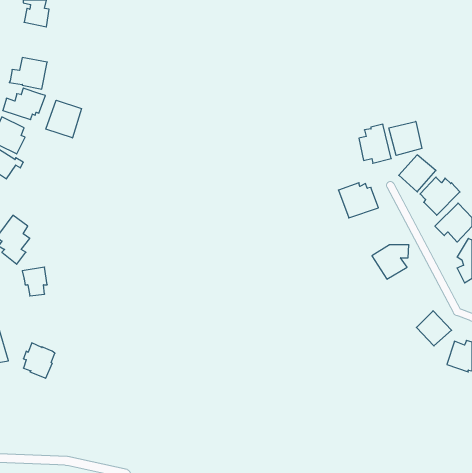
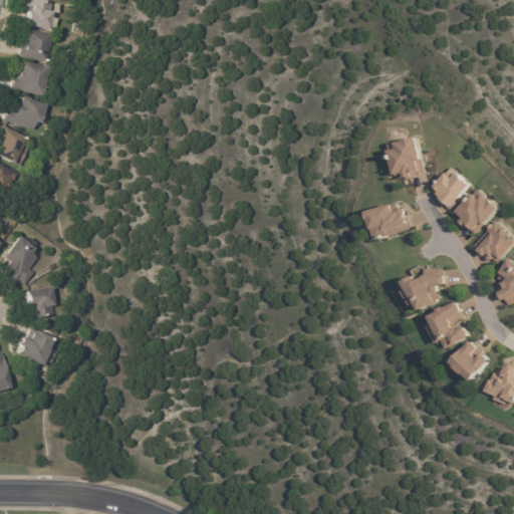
building: none -> [21,30,53,63]
building: [46,100,81,138] -> none
building: [389,121,422,155] -> none
building: none -> [427,298,473,346]
building: [23,343,55,378] -> [16,328,50,366]

